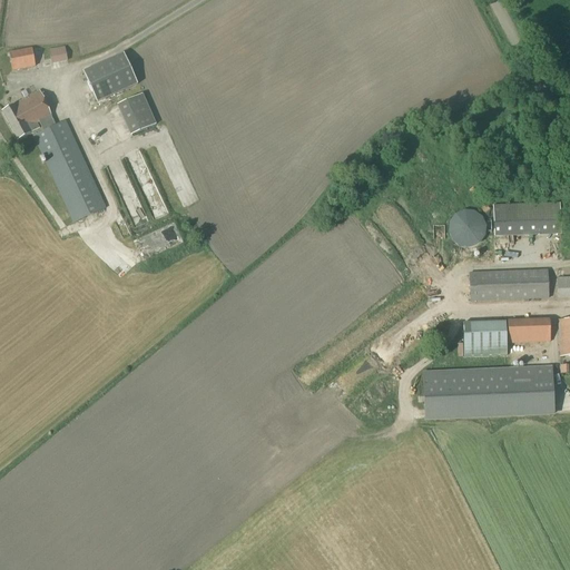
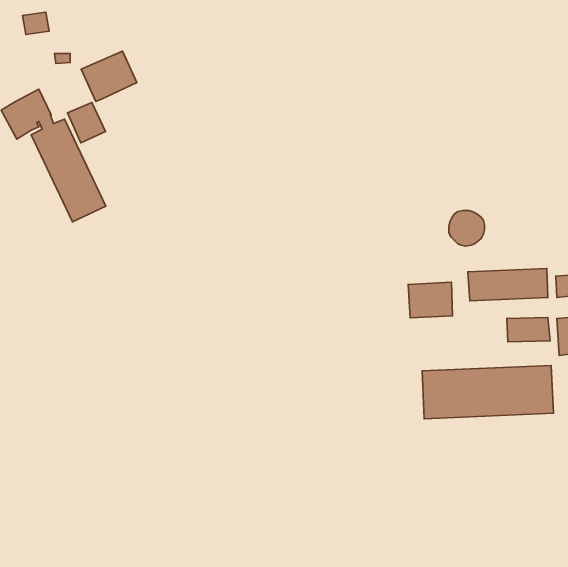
building: [9,47,36,69] -> [22,12,49,34]
building: [118,94,156,134] -> [67,103,105,143]
building: [498,206,556,237] -> none
building: [462,318,507,354] -> [408,282,453,318]

